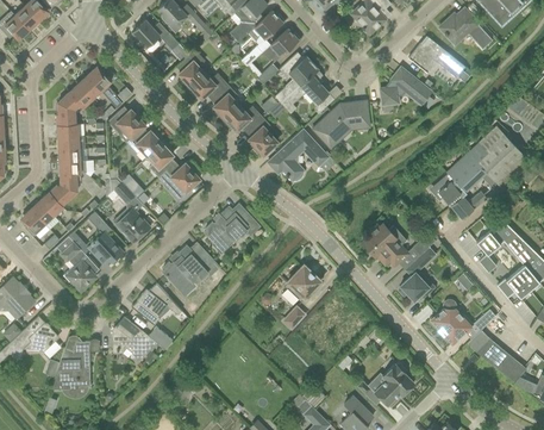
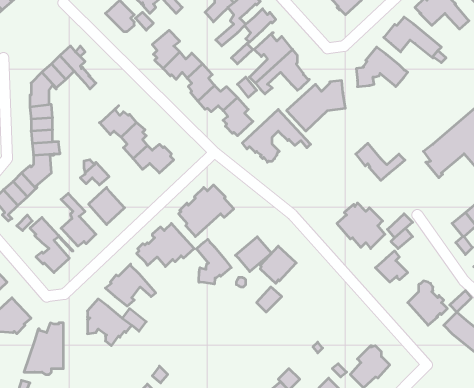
building: [106,108,144,138] -> none
building: [437,181,486,218] -> [356,143,405,180]
building: none -> [235,237,272,272]
building: none -> [196,239,231,284]

